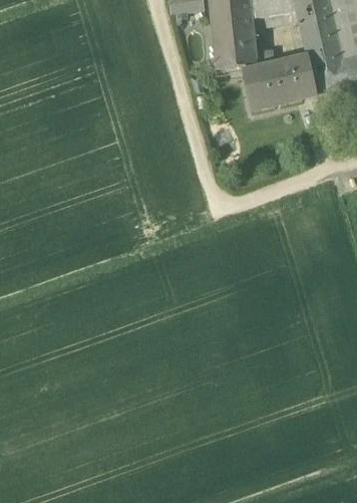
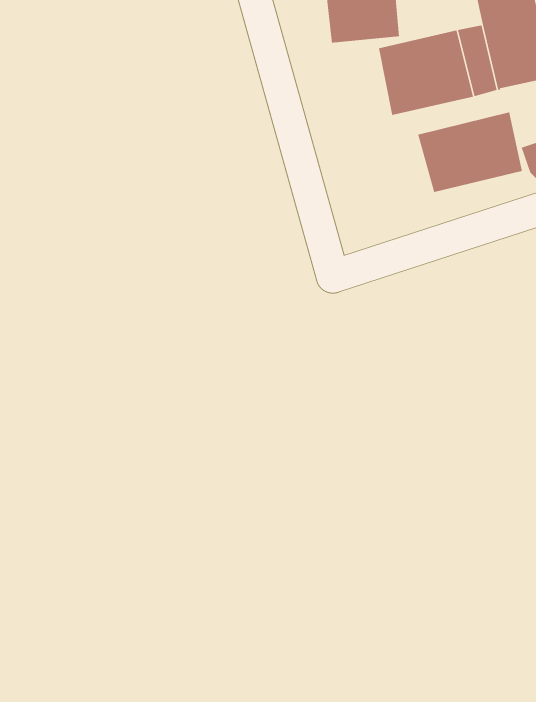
building: none -> [417,111,523,193]

